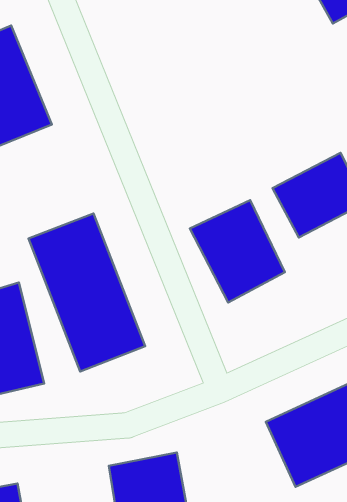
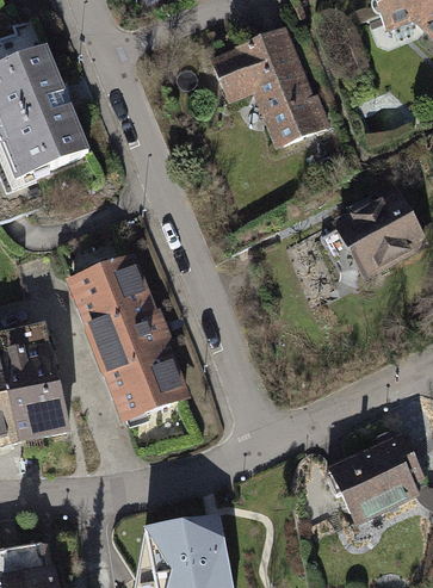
building: none -> [214,23,327,148]
building: [190,200,285,302] -> none

